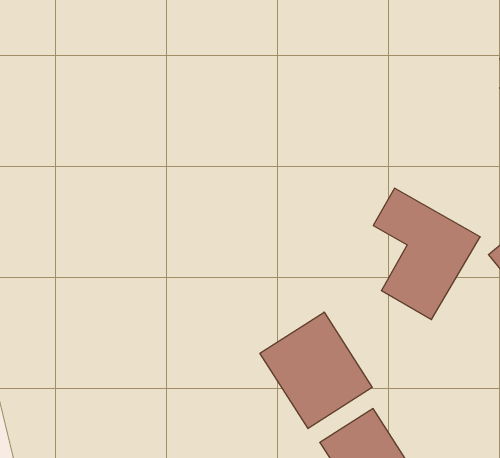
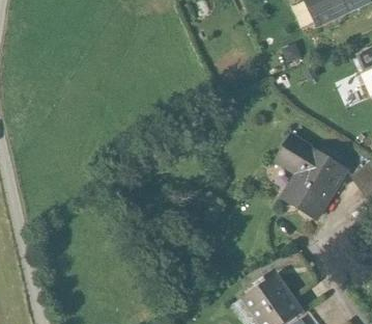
building: [260,312,372,429] -> none

